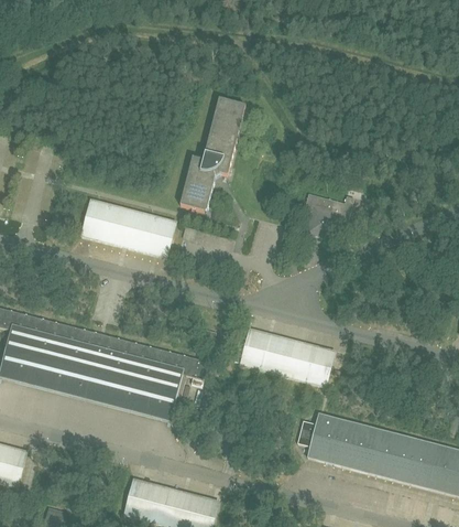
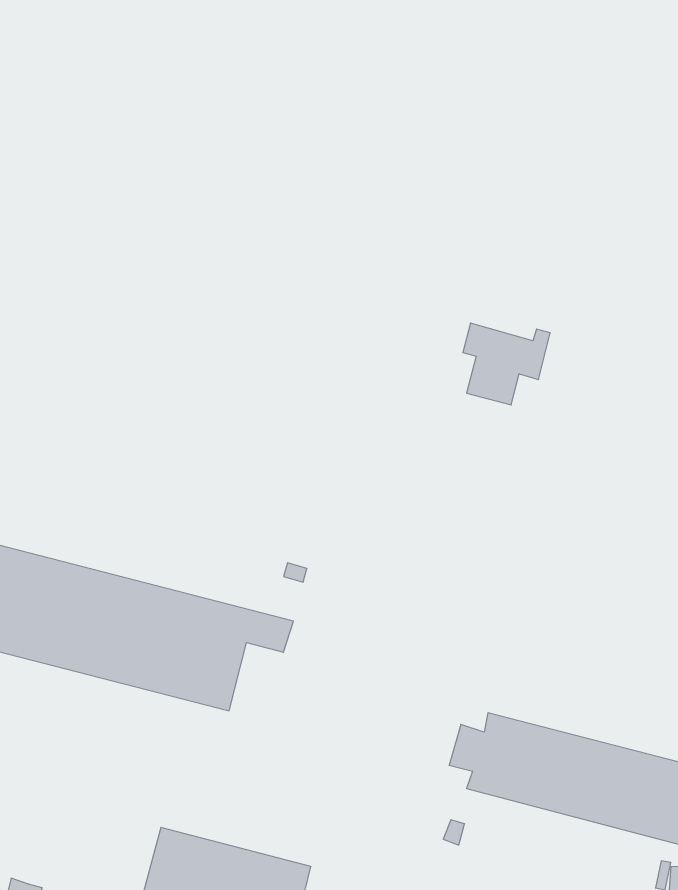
building: [179,98,244,213] -> none
building: [80,200,175,258] -> none
building: [233,313,334,387] -> none

